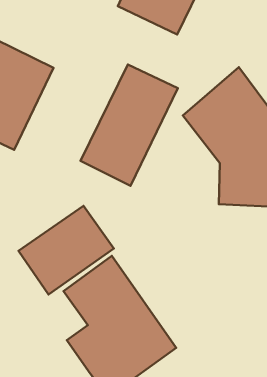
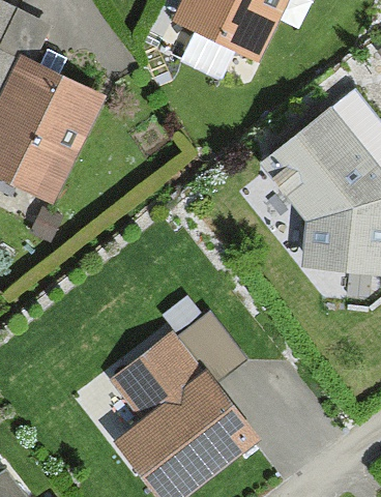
building: [81,64,178,186] -> none
building: [19,206,114,294] -> none

